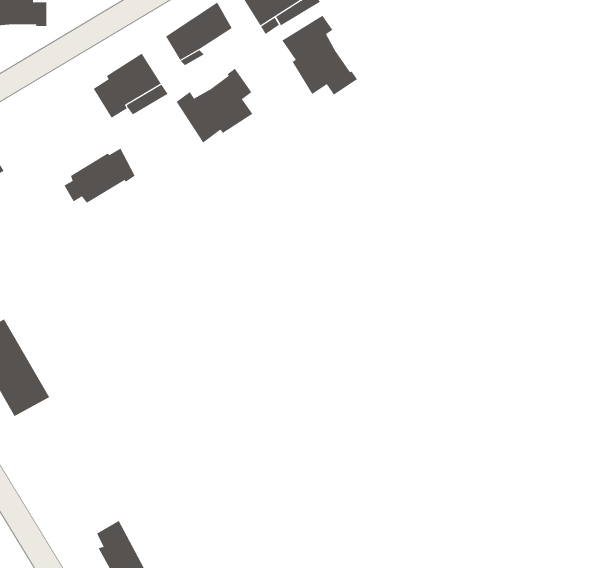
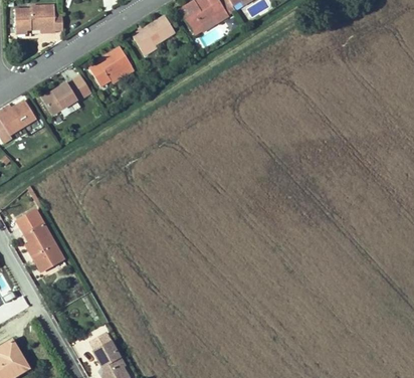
building: [282,15,358,95] -> none
building: [176,68,253,143] -> none
building: [63,148,136,204] -> [39,79,83,114]

